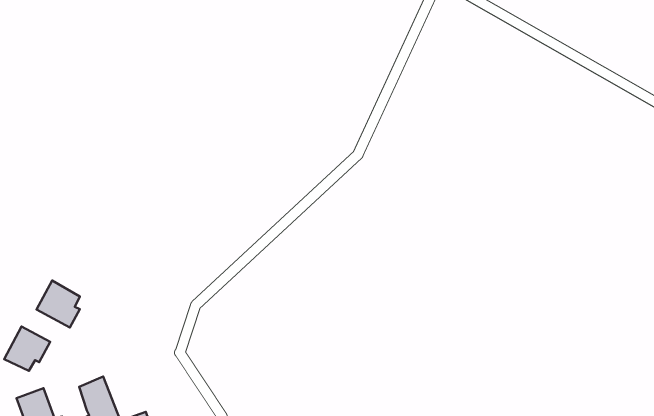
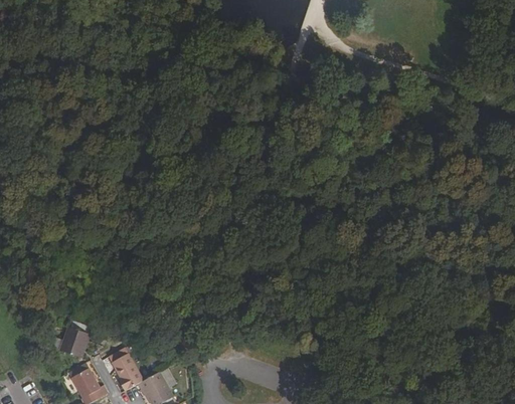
building: [36,280,80,327] -> none

